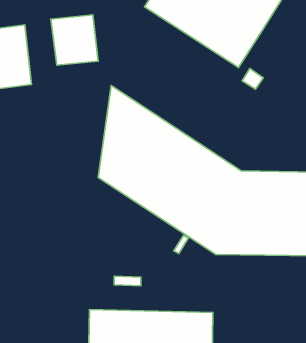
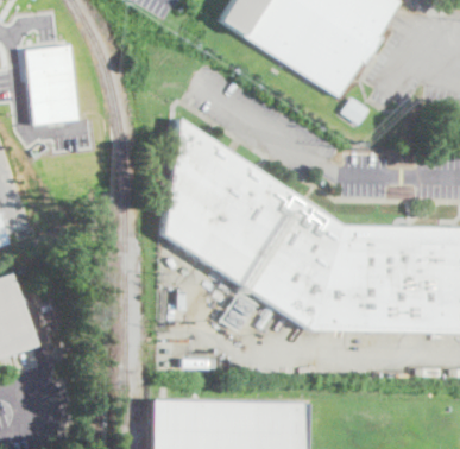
building: [51,15,98,65] -> none

